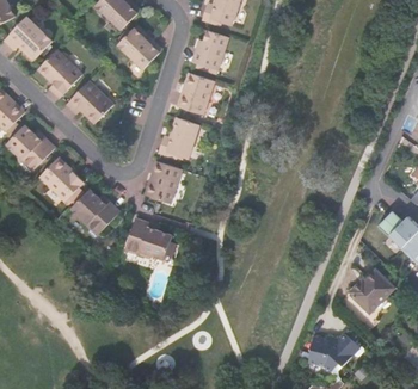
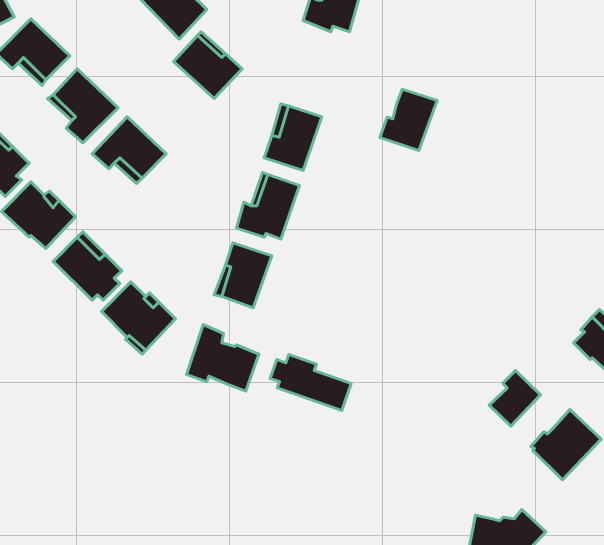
building: [192,30,229,69] -> [380,89,437,150]
building: none -> [270,355,351,410]
building: none -> [489,370,541,426]

